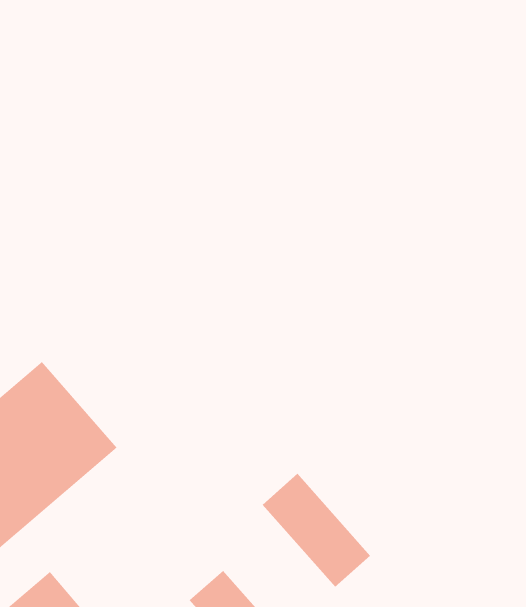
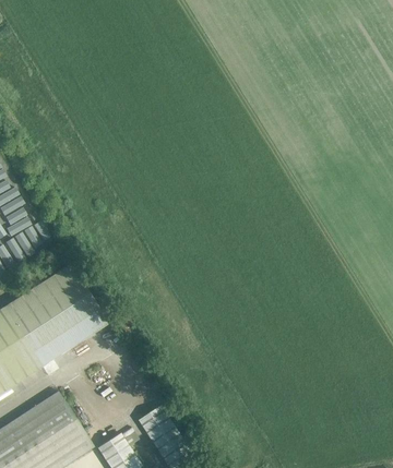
building: [262,473,371,588] -> none

